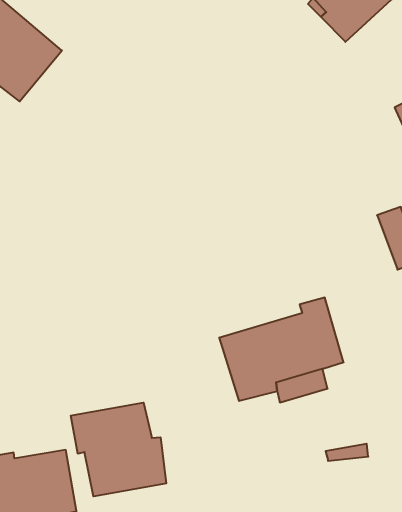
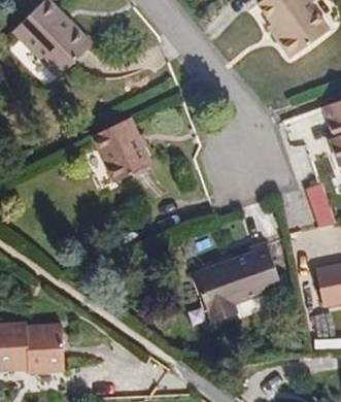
building: none -> [91,119,154,183]
building: [71,403,166,496] -> none

